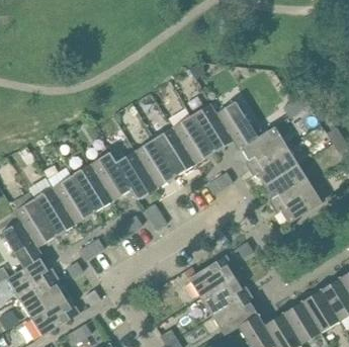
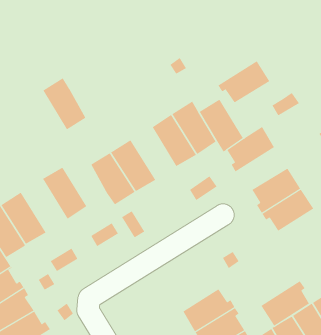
building: [153,127,194,176] -> none
building: [249,146,297,185] -> [218,60,270,103]
building: [90,152,130,200] -> [42,77,86,130]
building: [52,175,94,225] -> none
building: [188,255,234,297] -> [261,281,310,327]

